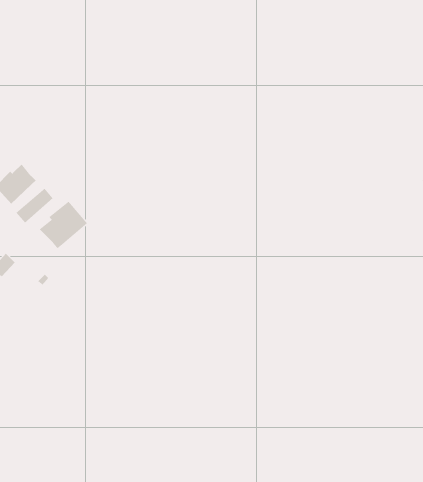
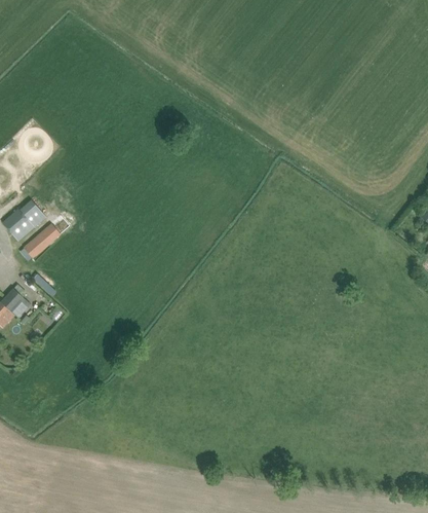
building: [39,201,88,249] -> none

